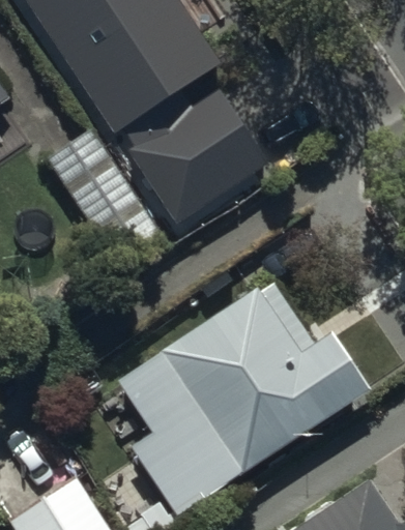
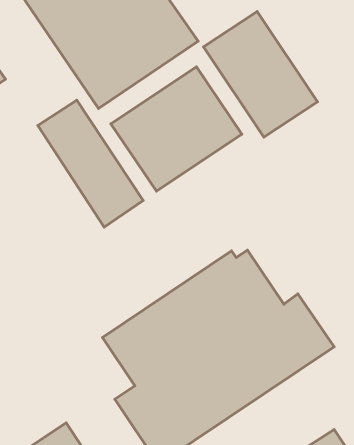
building: none -> [203,12,317,137]

